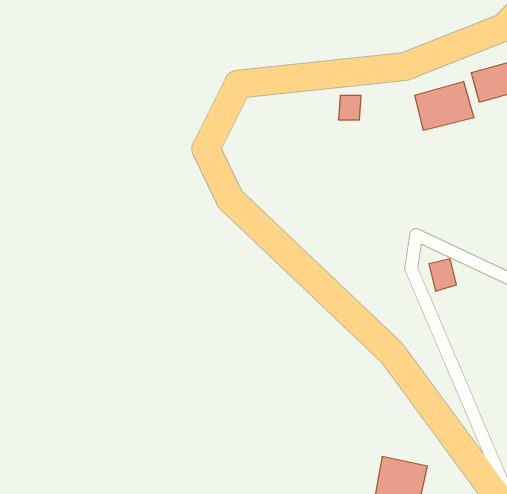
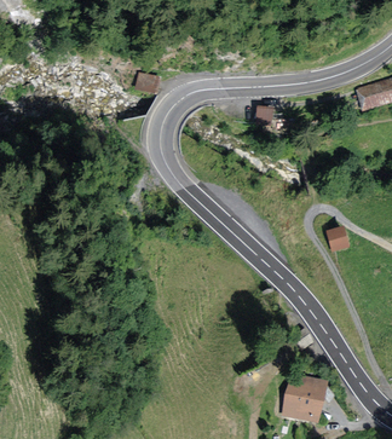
building: [415,81,474,130] -> none

